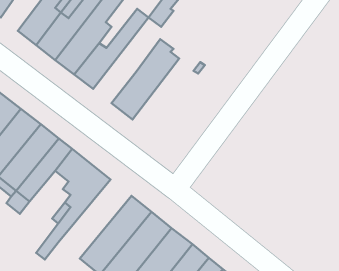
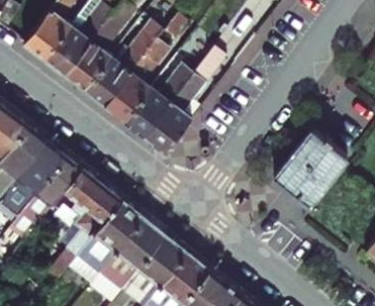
building: none -> [104,37,170,120]
building: none -> [146,54,221,154]
building: none -> [273,129,348,206]
building: none -> [67,201,145,285]

